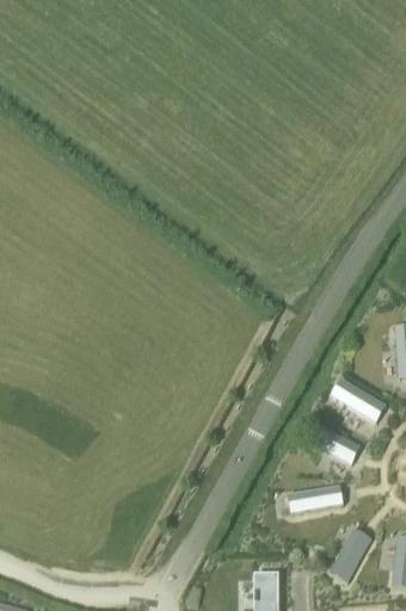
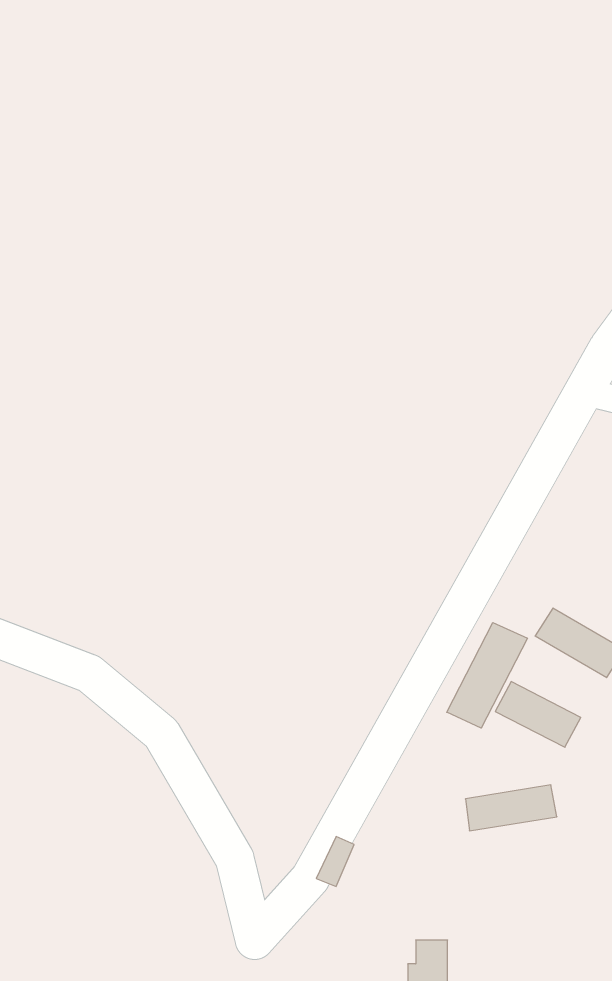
building: none -> [447,623,527,728]
building: [330,530,370,581] -> none

